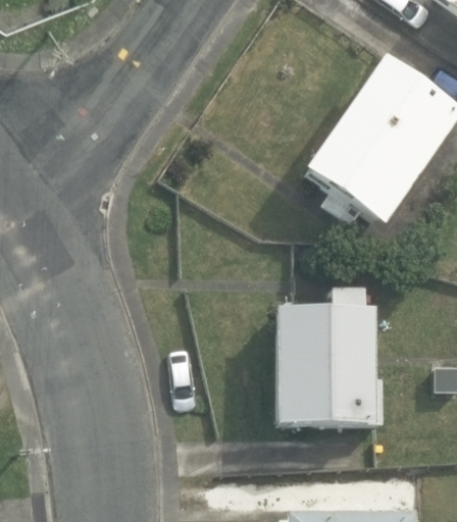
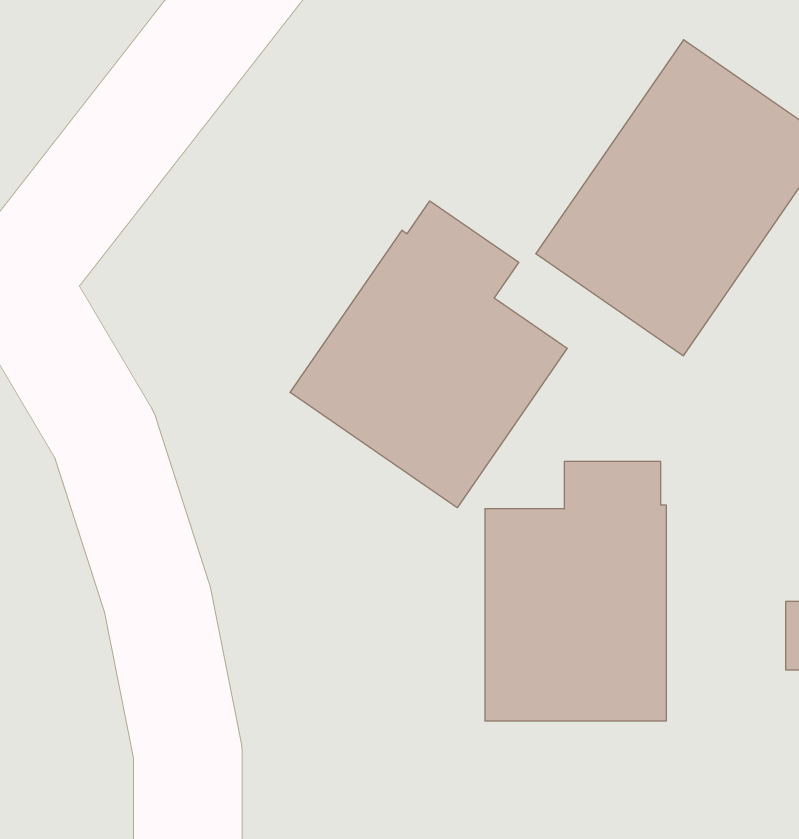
building: none -> [290,201,567,508]

